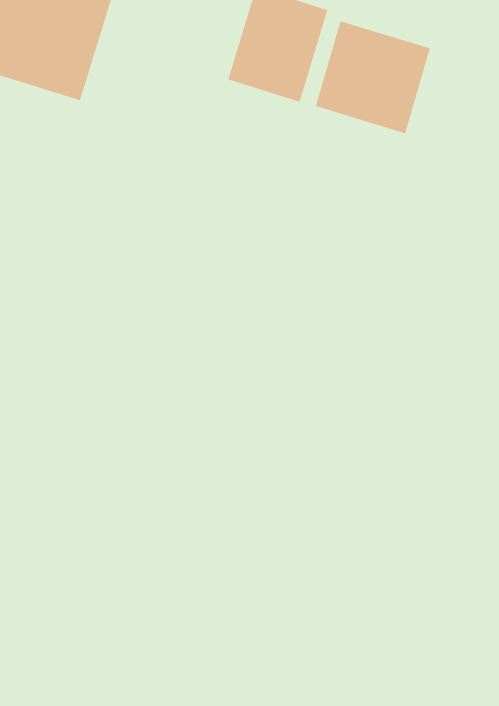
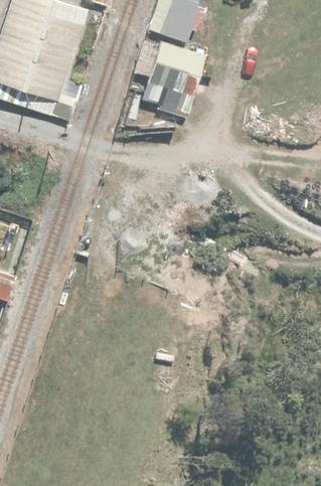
building: [315,21,431,134] -> none

